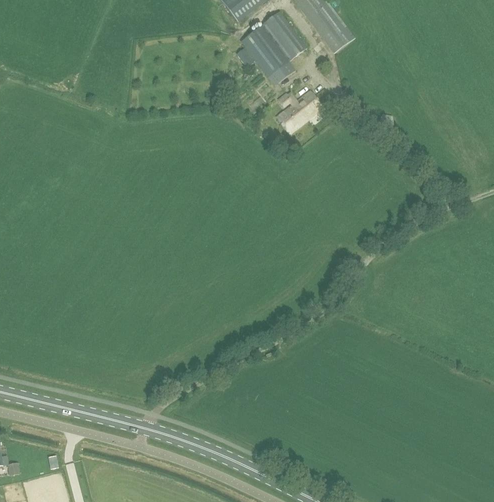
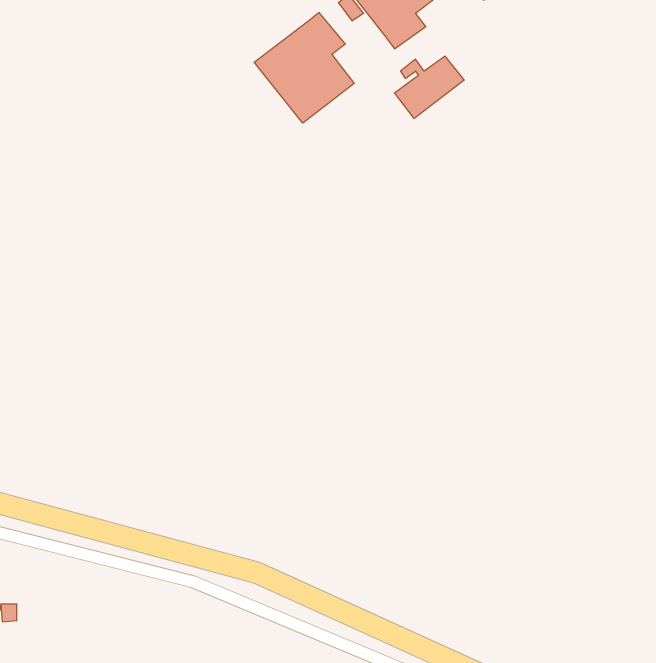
building: none -> [254,12,354,123]

